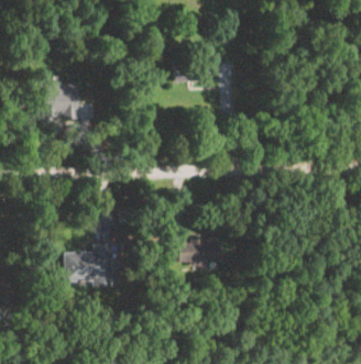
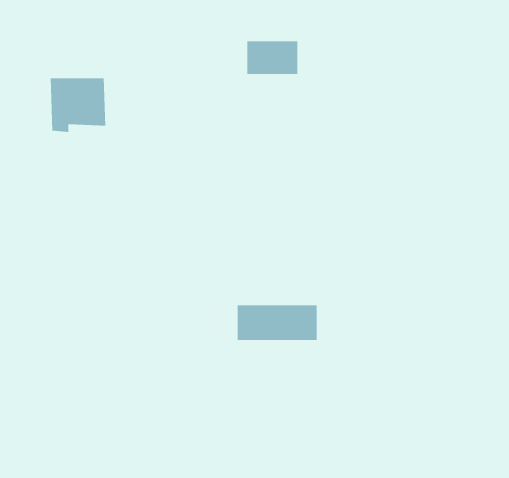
building: [66,244,113,285] -> none

